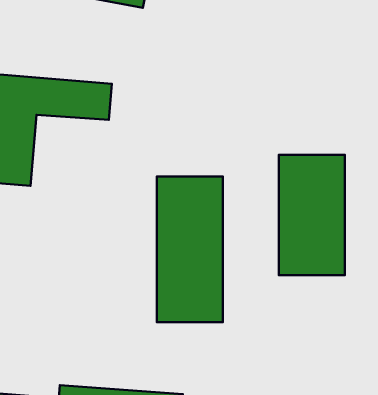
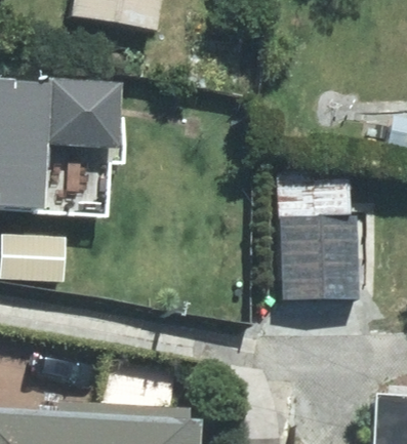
building: [157,177,223,322] -> none

